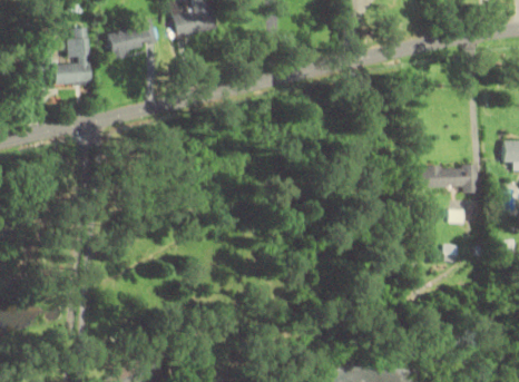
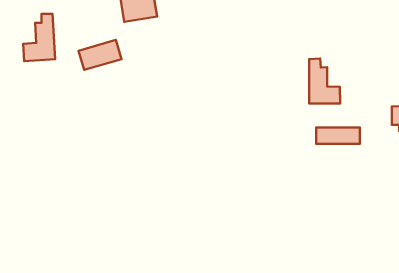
building: [105,21,157,58] -> [79,40,121,70]
building: none -> [309,59,340,104]

